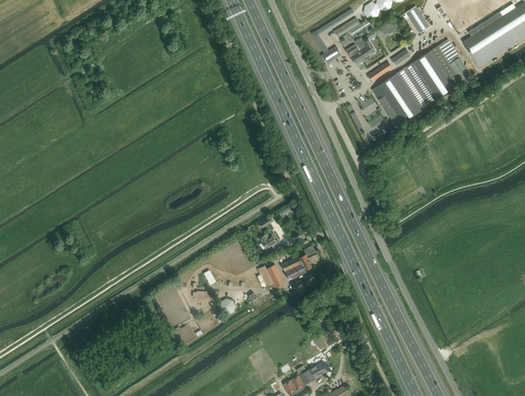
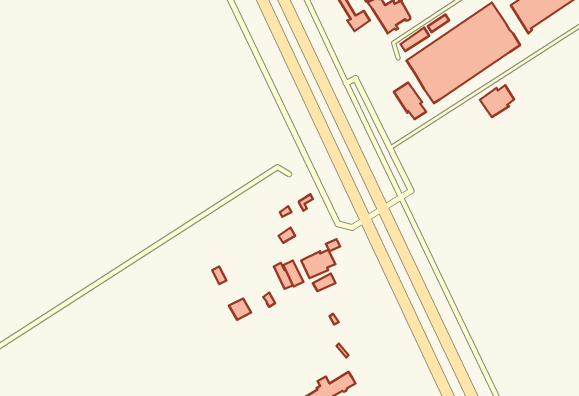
building: none -> [394,82,426,119]
building: none -> [480,85,514,117]

